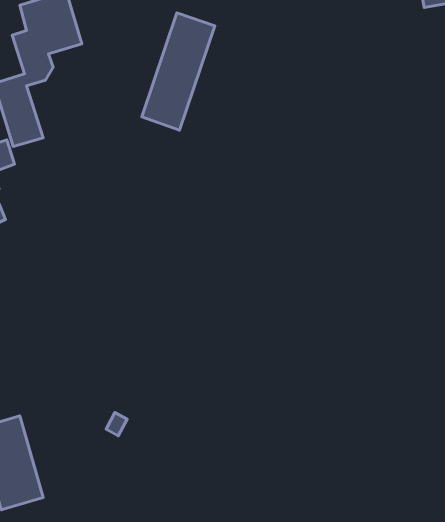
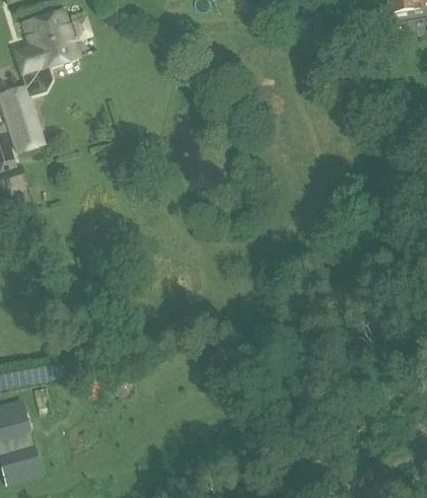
building: [142,13,215,130] -> none

